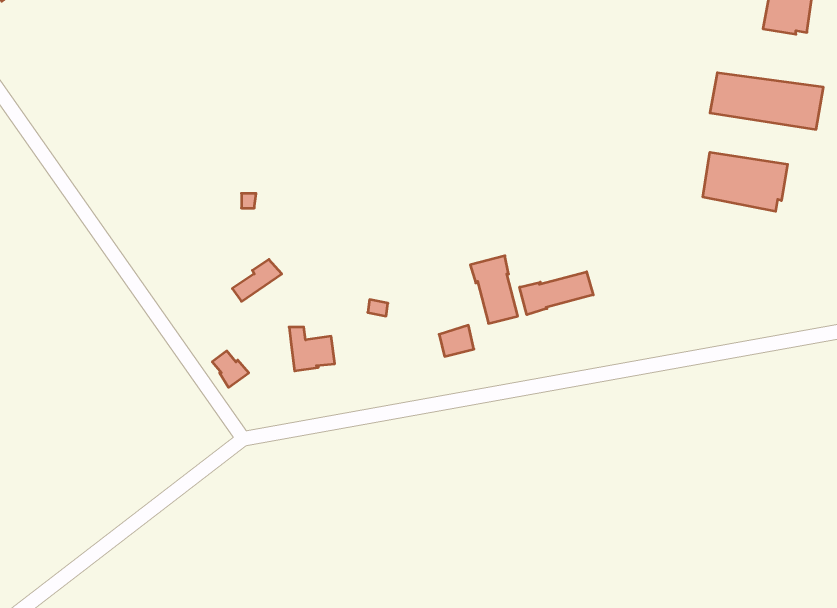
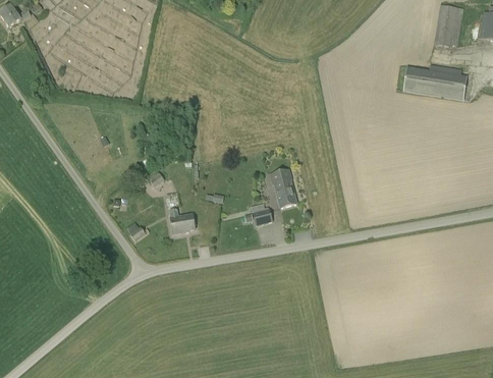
building: [703,152,788,211] -> none
building: [520,272,593,315] -> none

